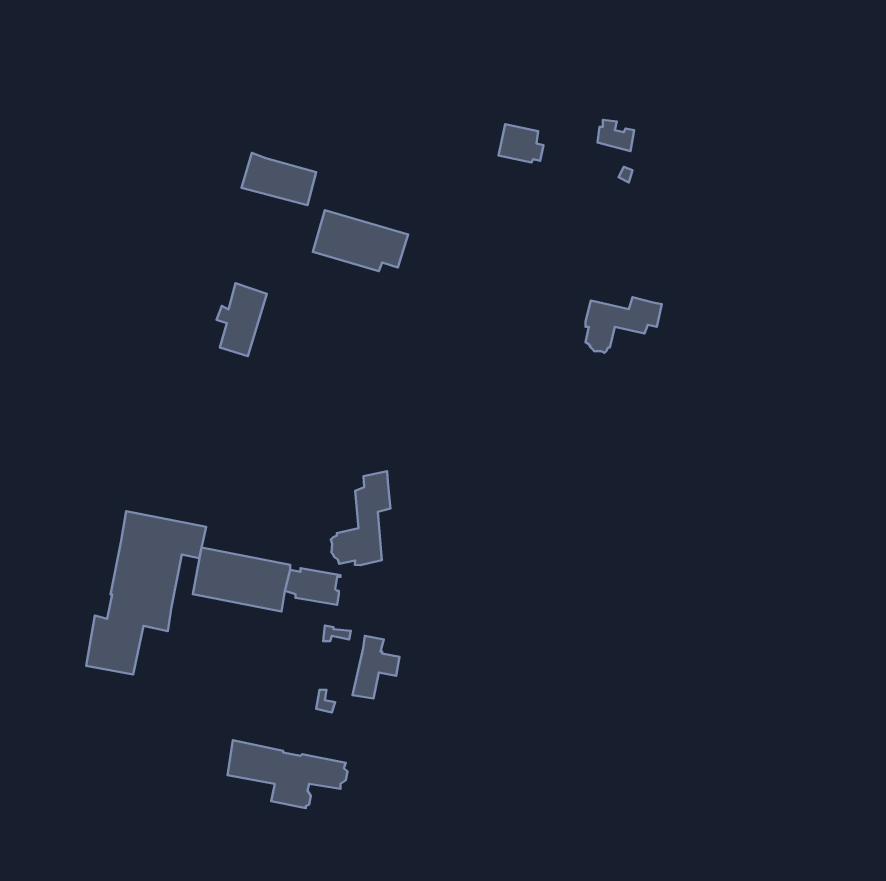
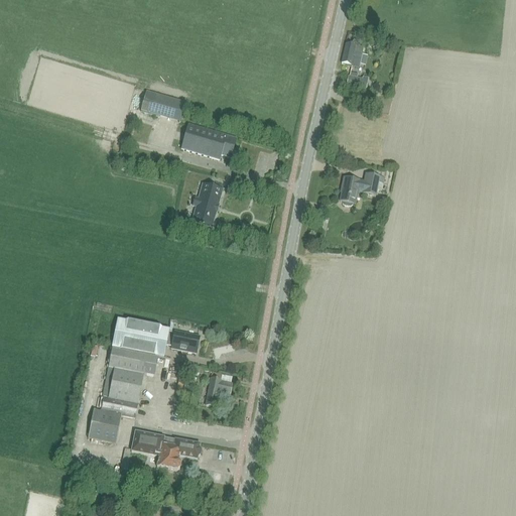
building: [498,124,544,163] -> [342,41,368,63]
building: [216,283,267,356] -> [192,181,222,224]
building: [331,471,390,565] -> none
building: [86,511,206,674] -> [89,347,158,441]

